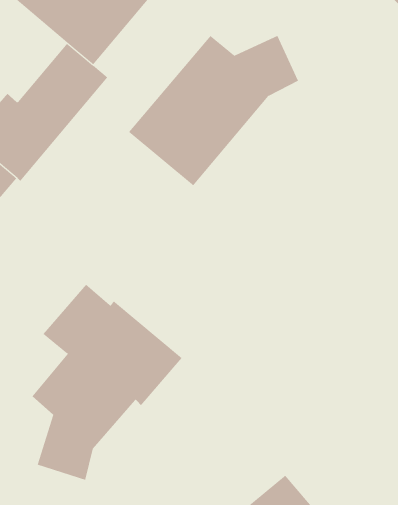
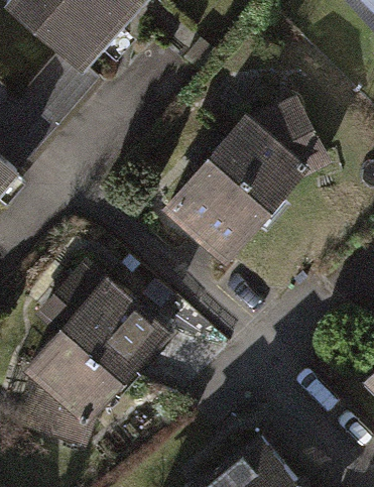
building: [128,35,299,186] -> [170,117,326,254]

